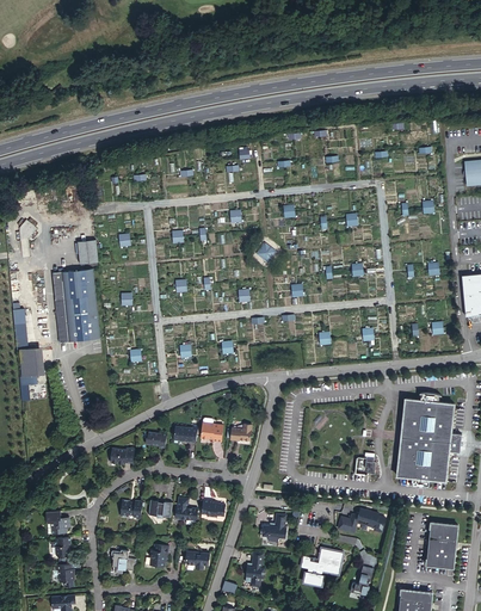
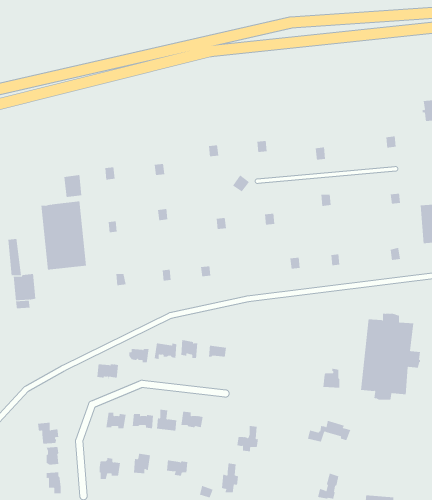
building: [425,523,458,569] -> none
building: [300,550,341,587] -> none

